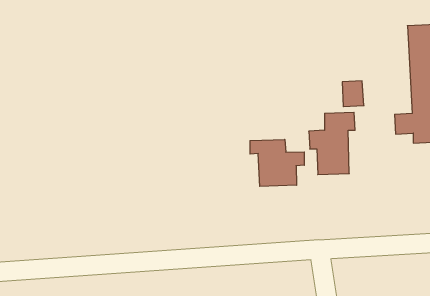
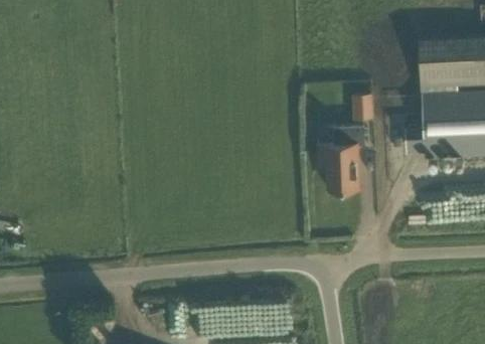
building: [250,139,304,186] -> none

